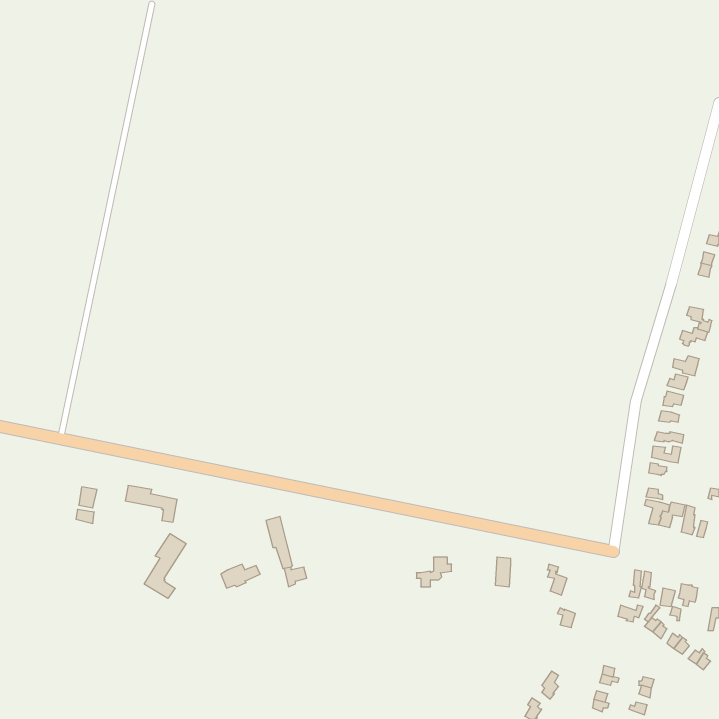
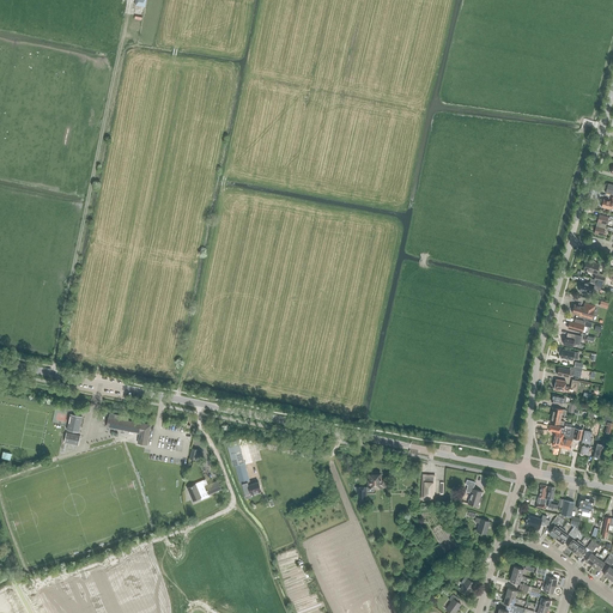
building: [144,534,186,598] -> none

